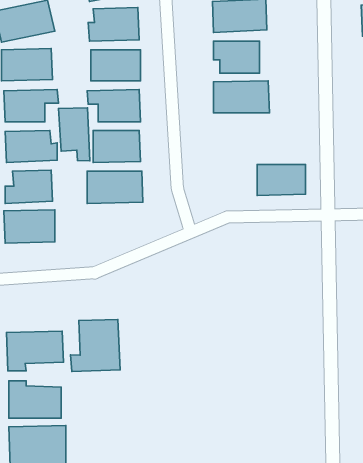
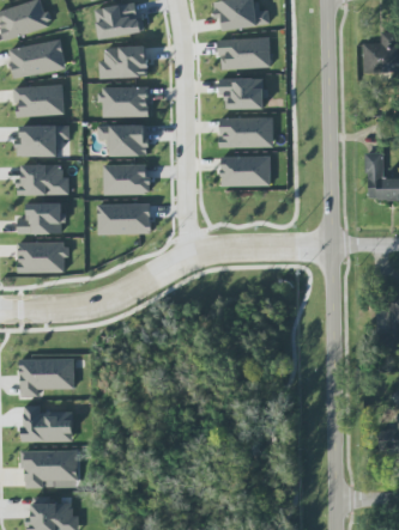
building: [59,108,90,161] -> none
building: [257,164,305,195] -> [223,156,270,185]
building: [71,319,120,372] -> none

